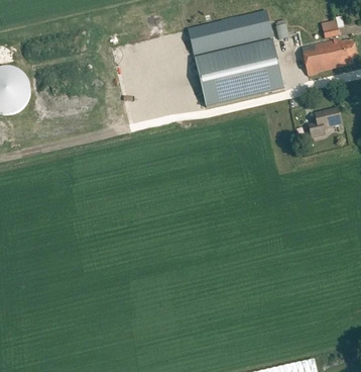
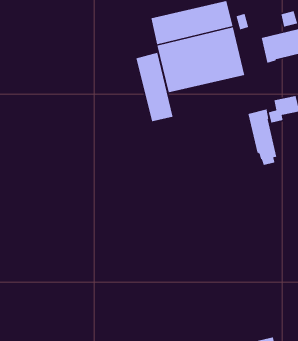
building: none -> [136,52,174,122]
building: none -> [248,108,277,166]

